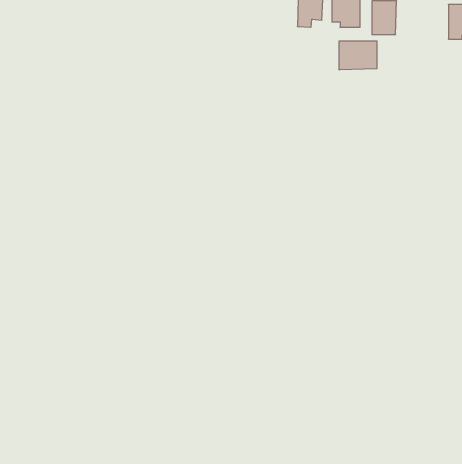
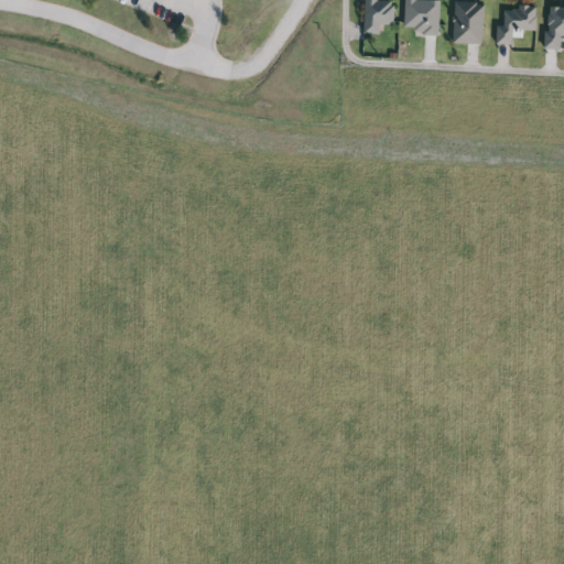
building: none -> [496,4,536,44]
building: [339,41,377,70] -> none

